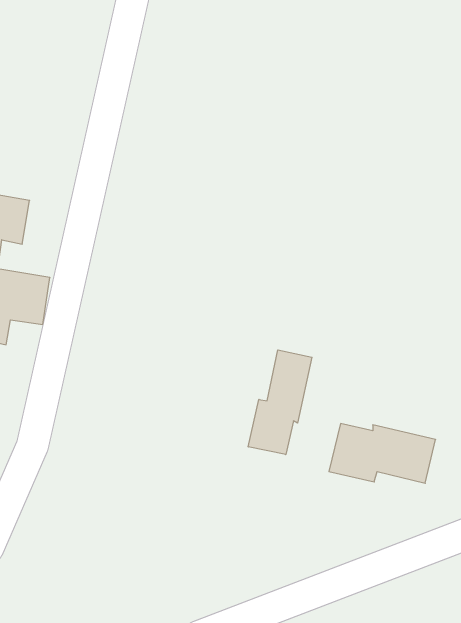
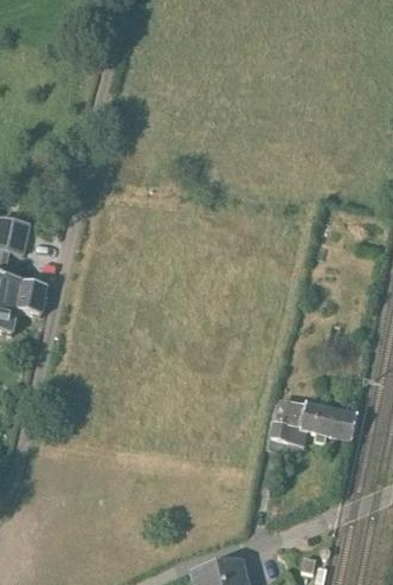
building: [248,350,312,455] -> none

